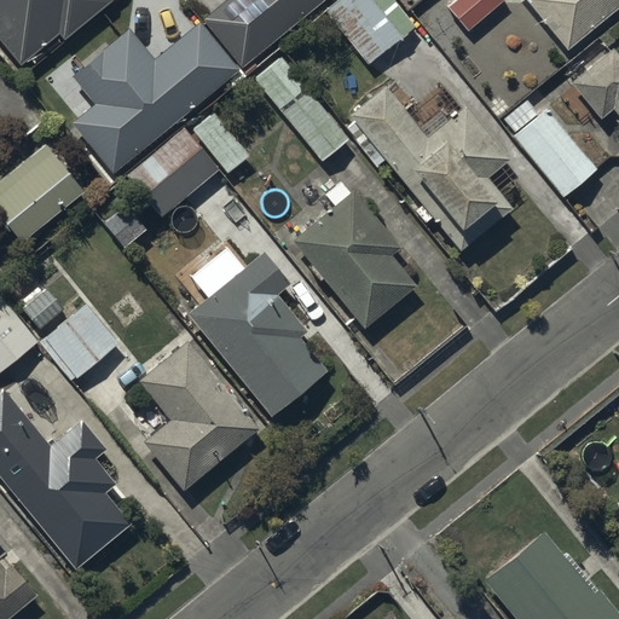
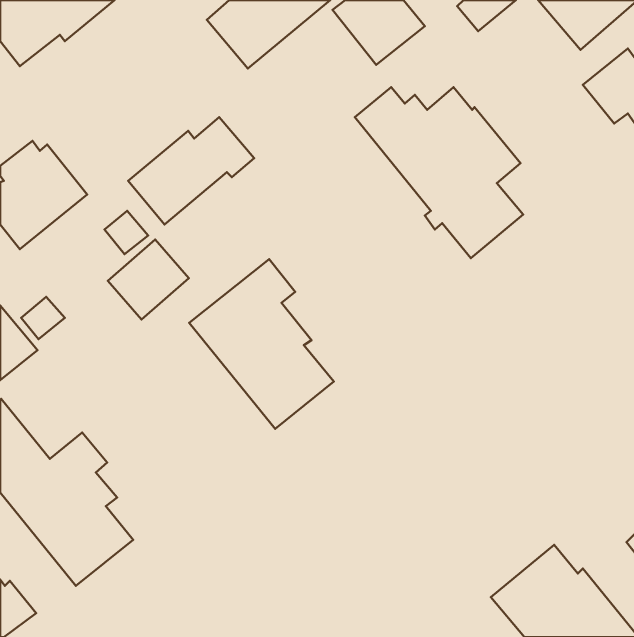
building: [71,21,239,173] -> none
building: [253,56,348,160] -> none
building: [503,100,595,196] -> none
building: [290,180,416,329] -> none
building: [40,303,118,381] -> [108,240,189,319]
building: [139,341,260,491] -> none

